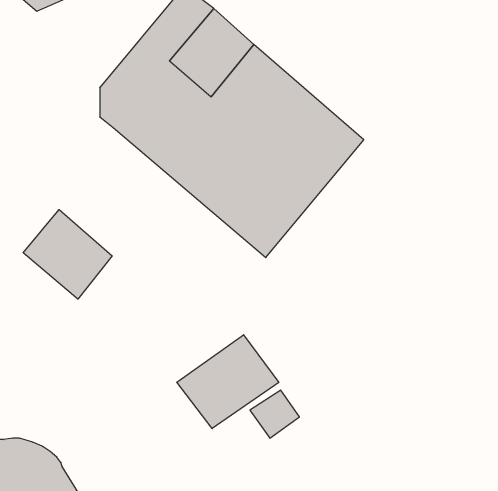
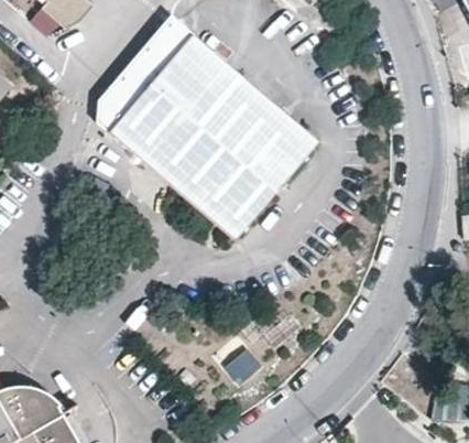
building: [23,210,112,299] -> none
building: [177,335,279,429] -> none

